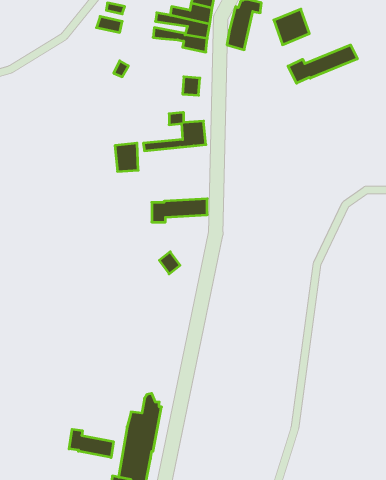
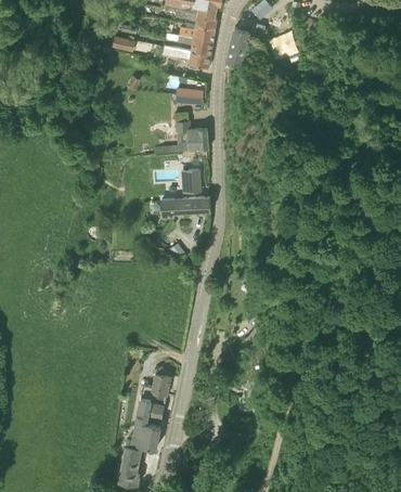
building: [288,45,357,83] -> none
building: [115,143,138,171] -> [181,168,202,193]
building: [69,429,113,458] -> none

